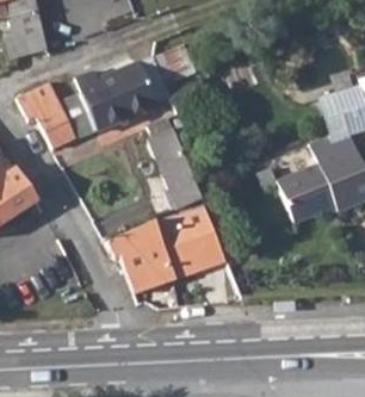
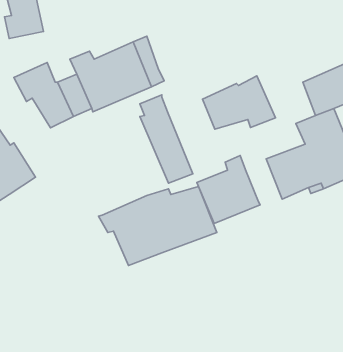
building: none -> [203,76,276,129]
building: none -> [197,156,260,224]

